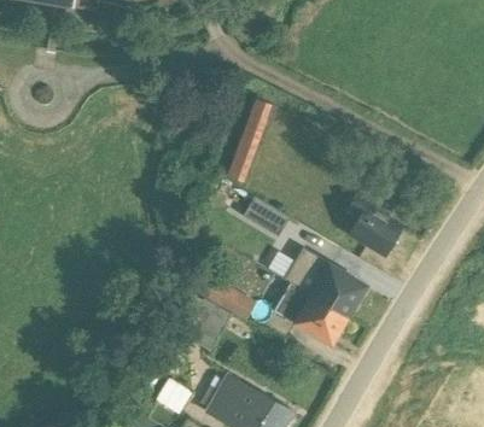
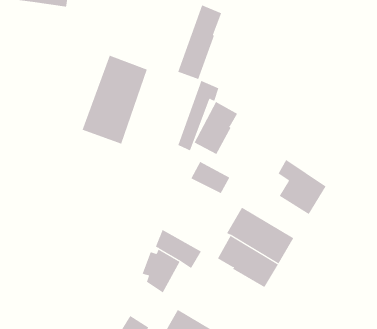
building: none -> [178,5,222,80]
building: none -> [82,55,148,144]
building: none -> [194,101,238,155]

